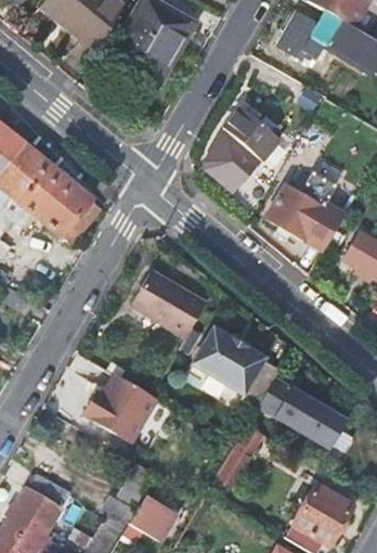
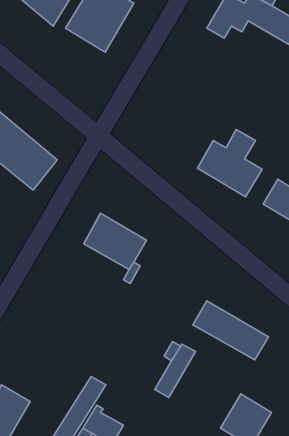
building: [205,93,292,190] -> none
building: [191,327,280,409] -> none
building: [81,374,155,441] -> none

